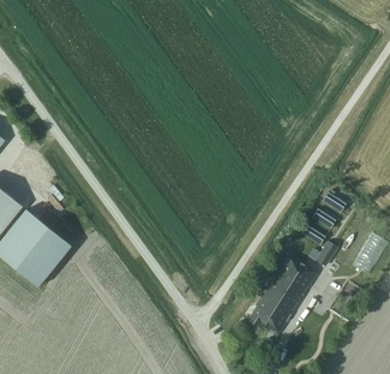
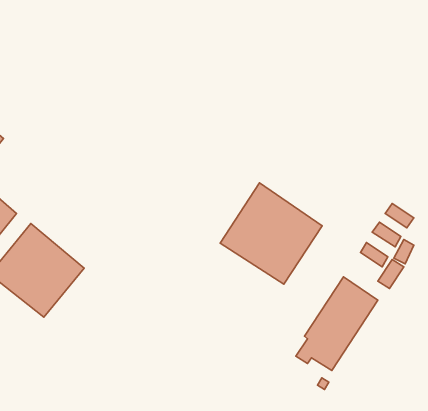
building: none -> [220,183,322,284]

